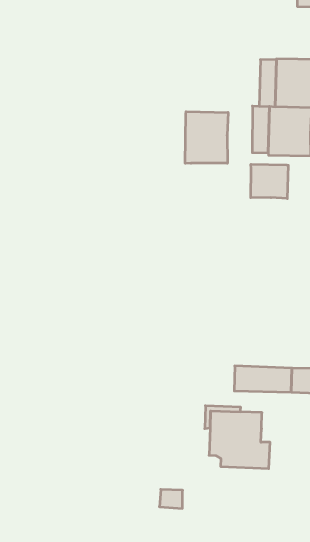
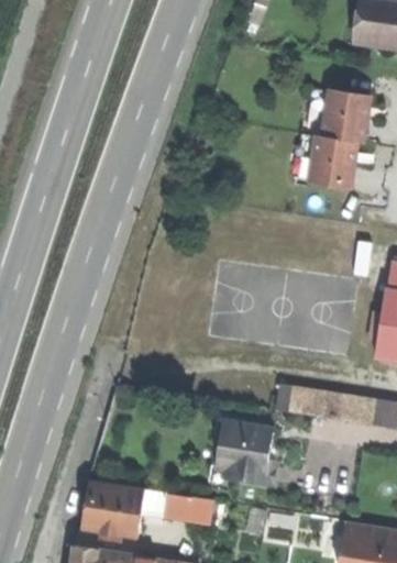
building: [185,112,228,163] -> none
building: [251,164,288,199] -> none
building: none -> [85,481,146,534]

